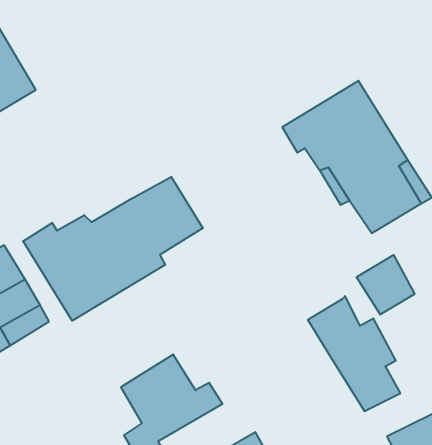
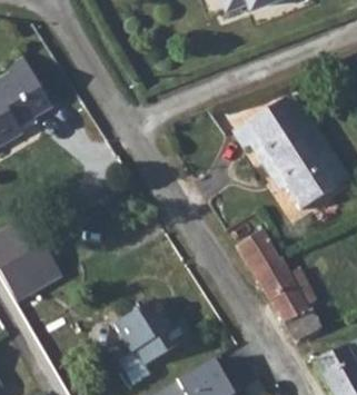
building: [23,177,203,321] -> none
building: [356,255,415,315] -> [237,229,280,274]

